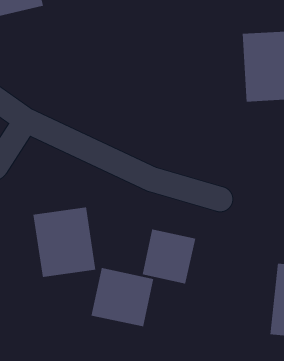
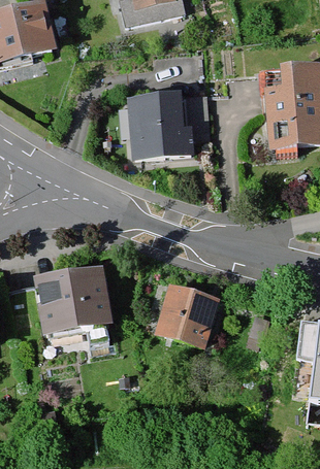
building: none -> [129,93,194,157]
building: [91,267,154,327] -> none

